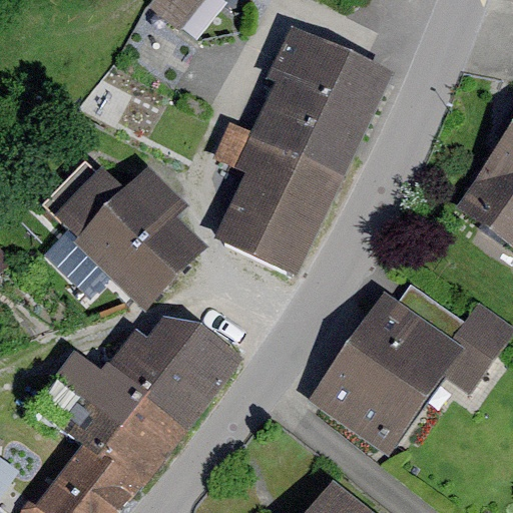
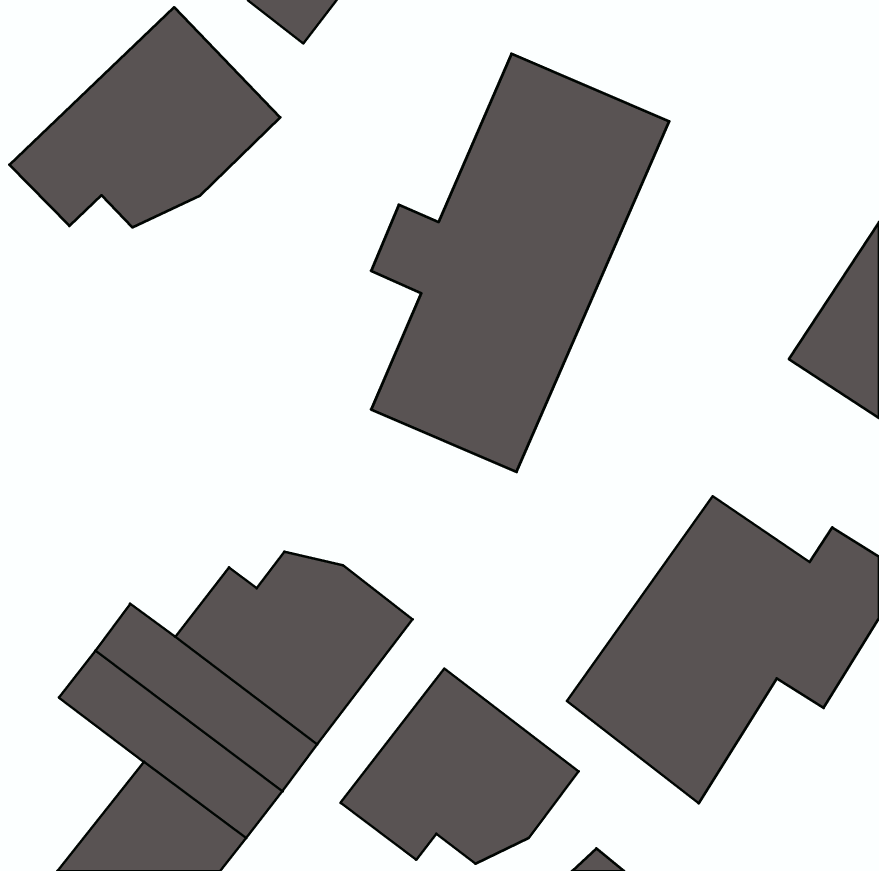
building: none -> [9,7,280,227]
building: [45,163,221,322] -> none
building: none -> [341,669,579,864]

